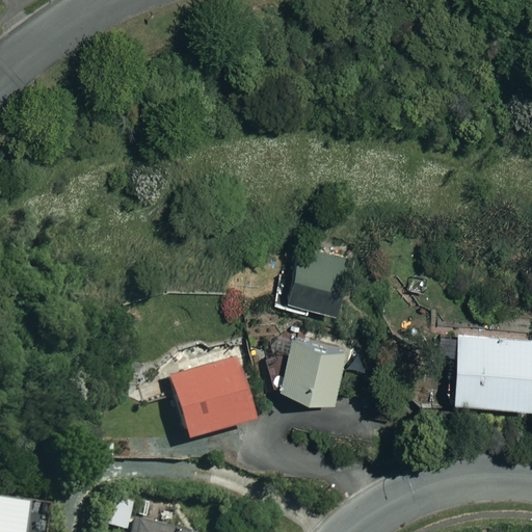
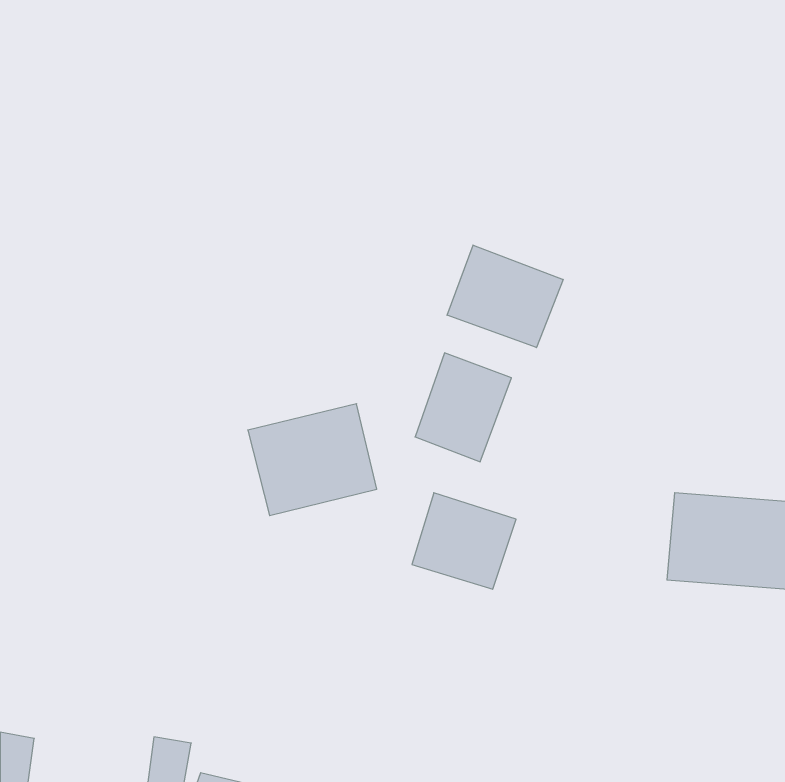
building: none -> [447,245,563,348]
building: [168,363,255,437] -> [248,404,377,516]

